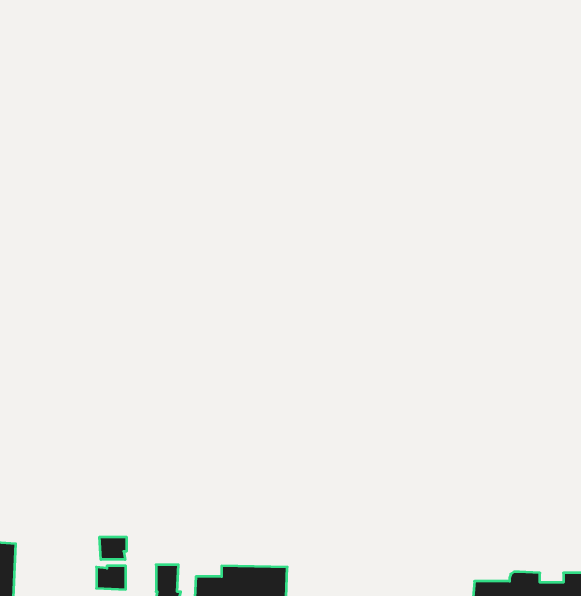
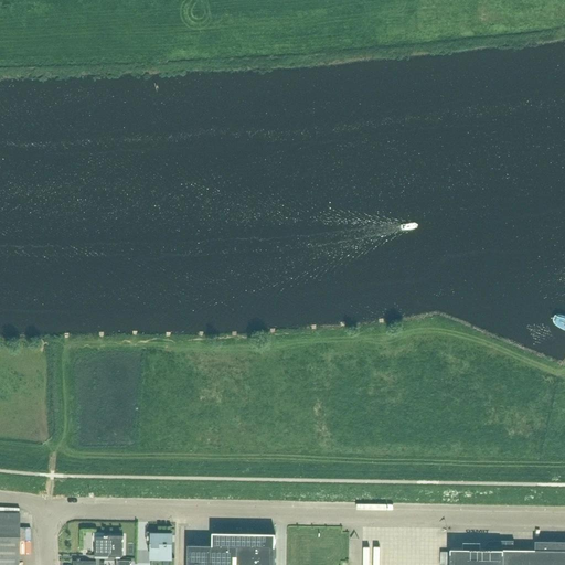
building: [100,537,126,560] -> none

